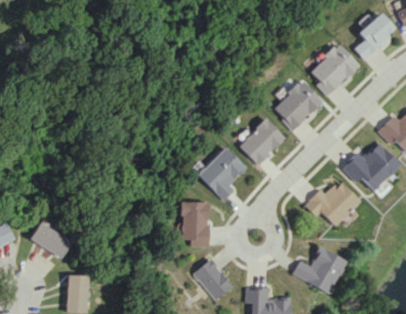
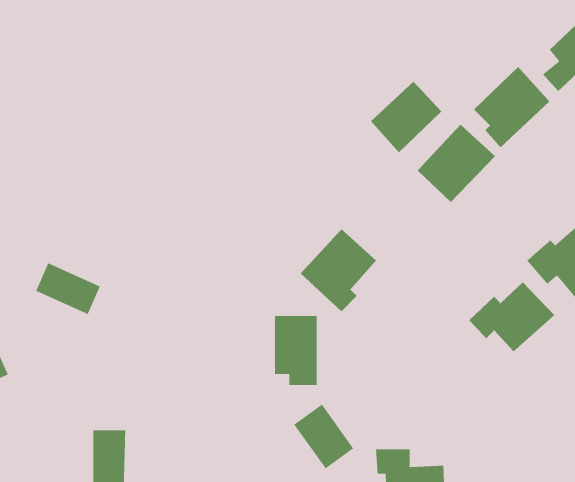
building: [239,119,285,165] -> [370,81,442,153]
building: [28,224,70,258] -> [35,262,101,315]
building: [292,247,344,292] -> none

